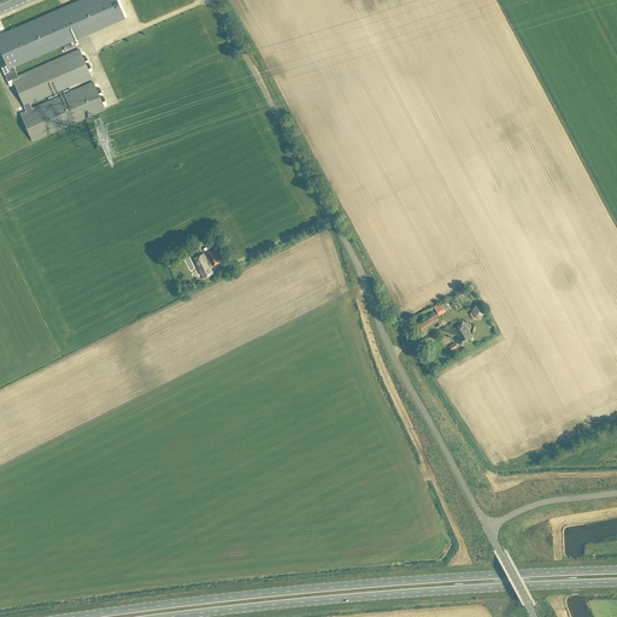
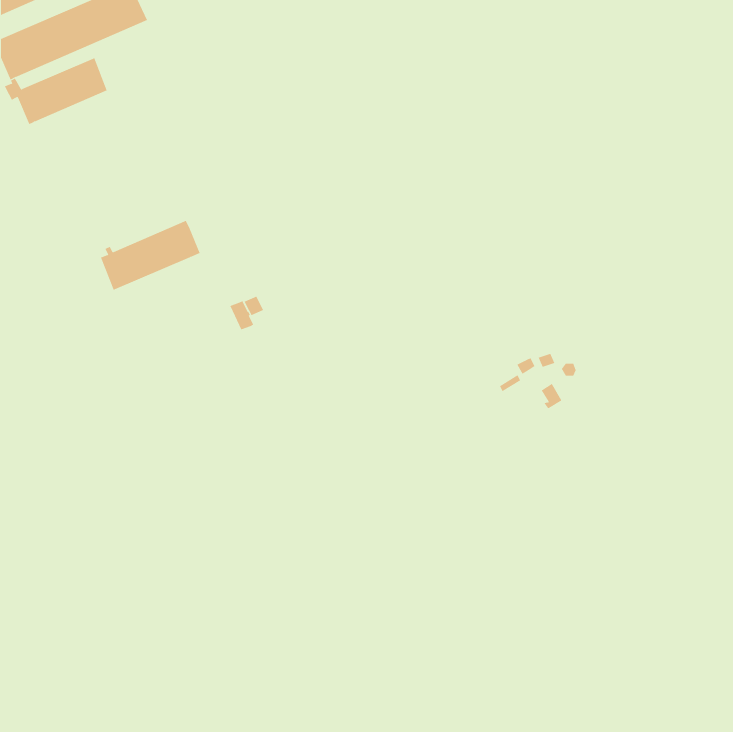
building: [20,81,105,140] -> [100,220,201,290]

